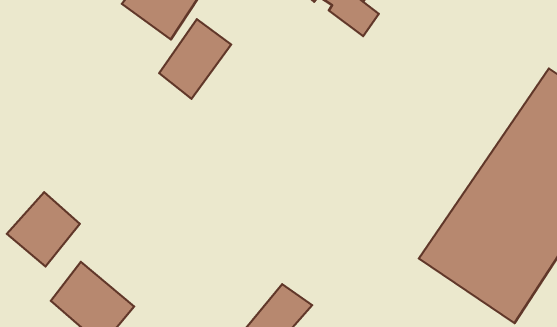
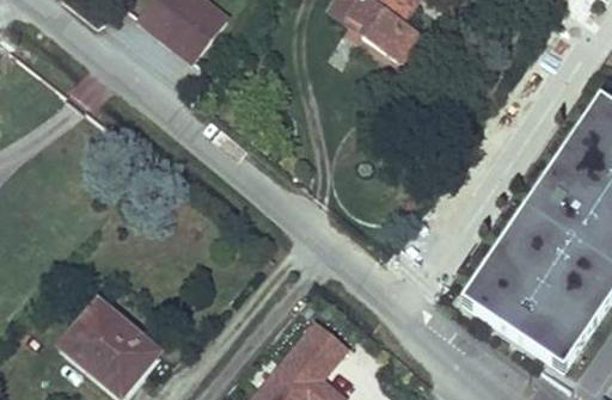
building: [159,19,231,99] -> none
building: [7,192,80,266] -> none

